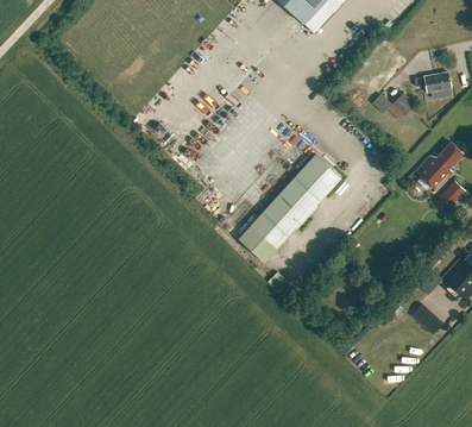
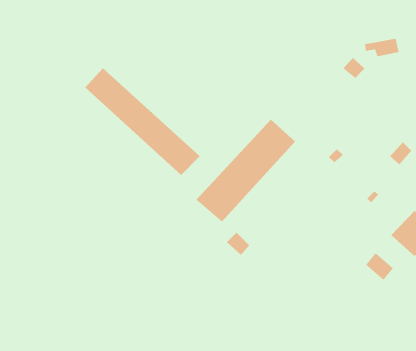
building: none -> [84,68,201,176]
building: [415,140,462,189] -> none

